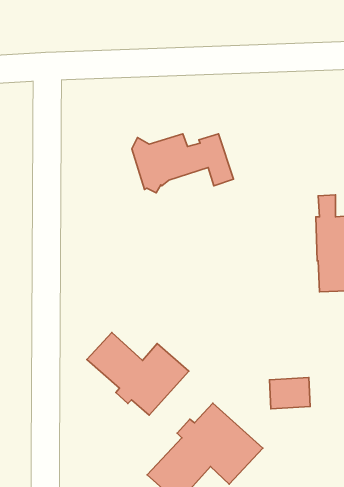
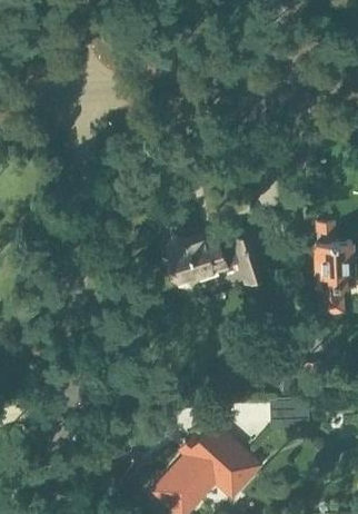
building: [132,134,234,193] -> [167,234,265,290]
building: [87,332,189,415] -> none

